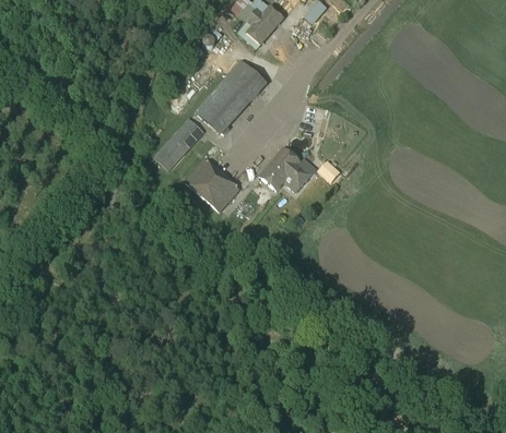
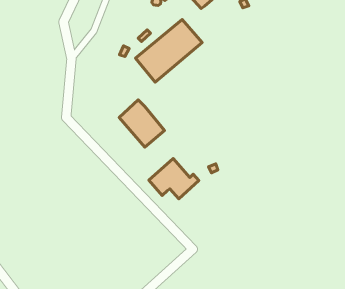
building: [154,118,204,170] -> none
building: [259,147,316,192] -> [149,159,199,199]

